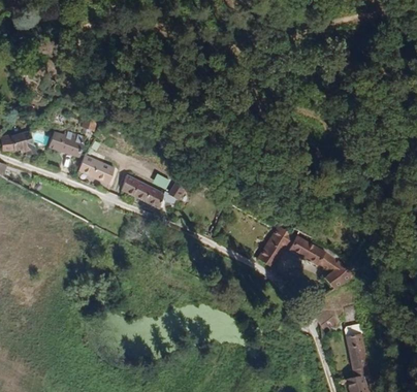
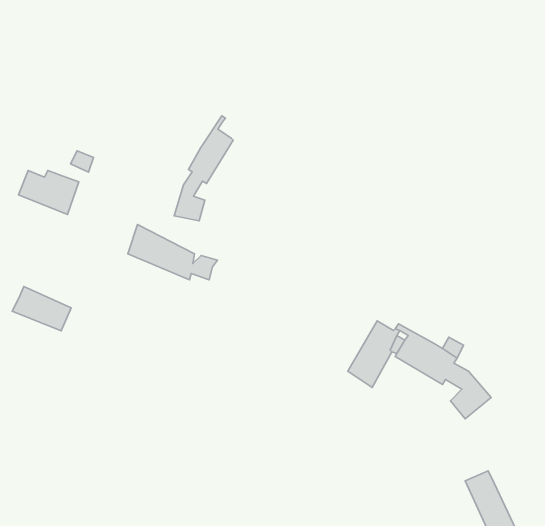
building: none -> [174,116,233,221]
building: [78,157,116,185] -> [12,287,71,331]

